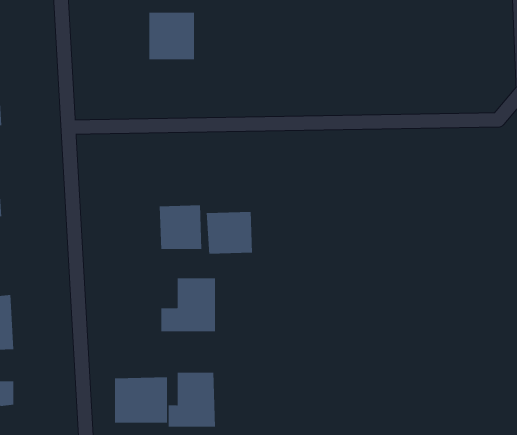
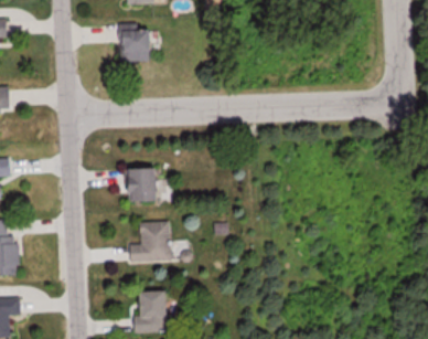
building: [206,211,253,254] -> none
building: [114,376,167,424] -> none

